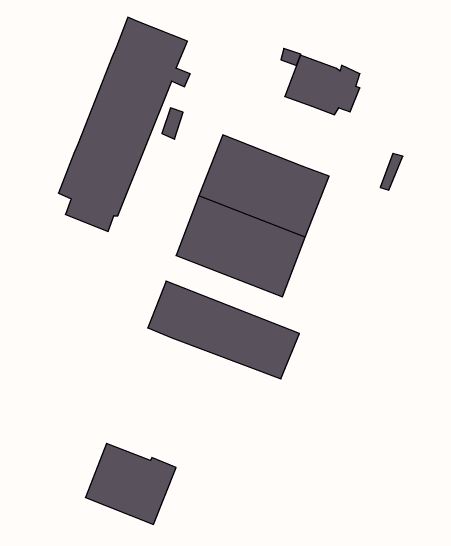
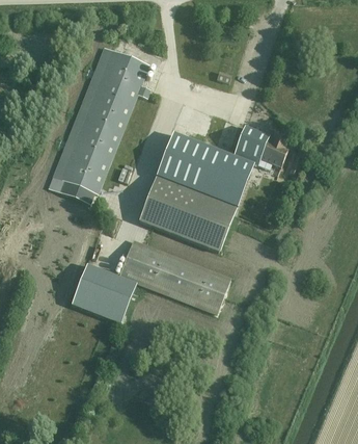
building: [285,55,360,115] -> [232,125,287,168]
building: [85,443,176,524] -> [71,263,137,322]

